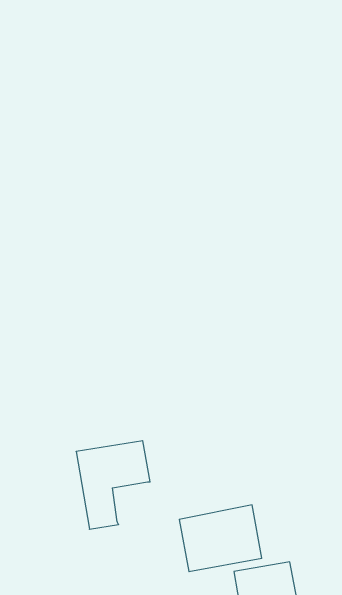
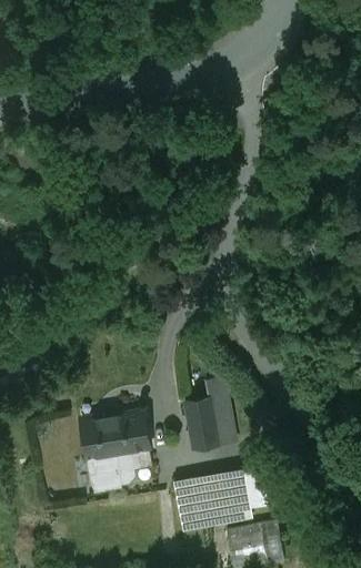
building: none -> [184,377,234,448]
building: none -> [114,448,150,485]

